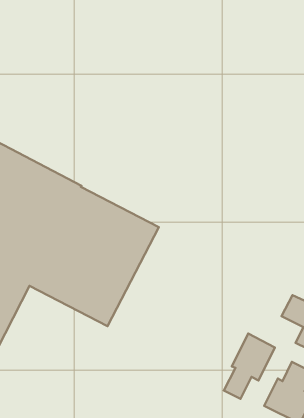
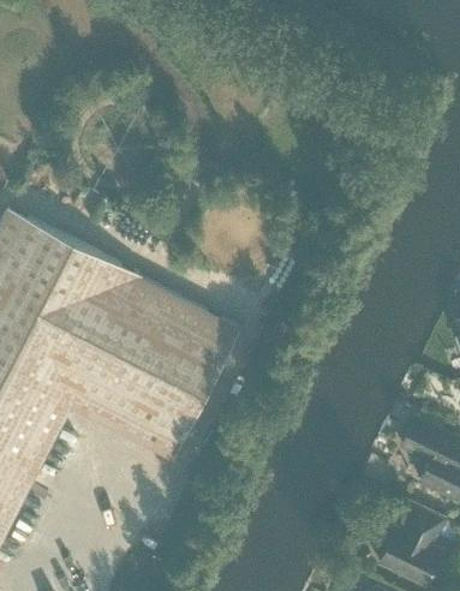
building: [224,334,275,399] -> none

